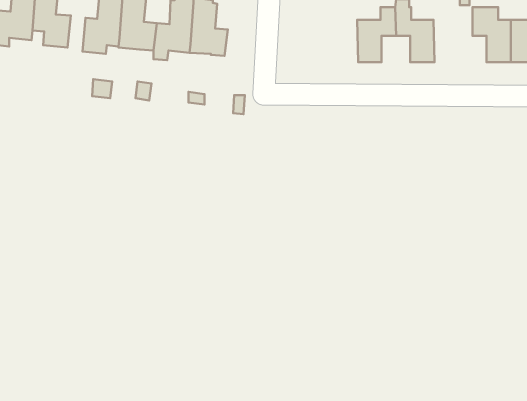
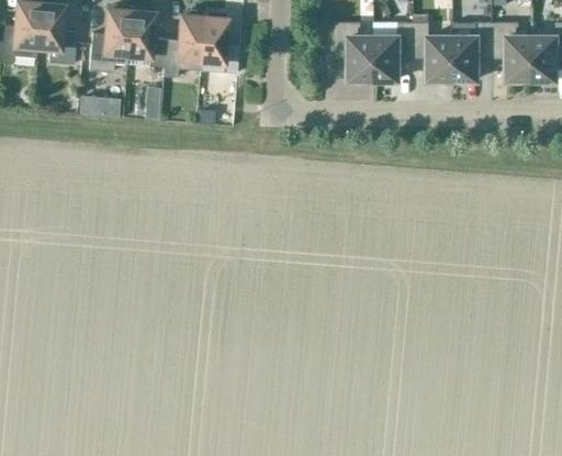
building: none -> [335,23,374,80]
building: none -> [452,23,493,80]

